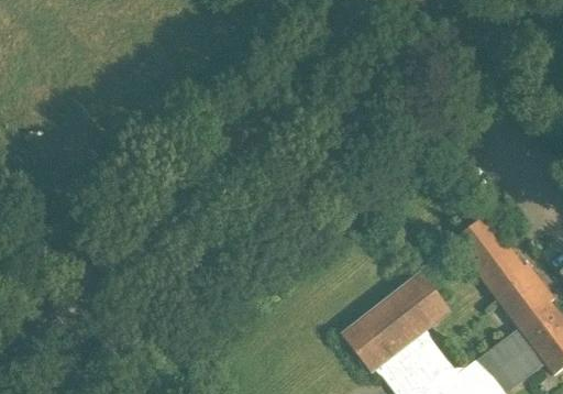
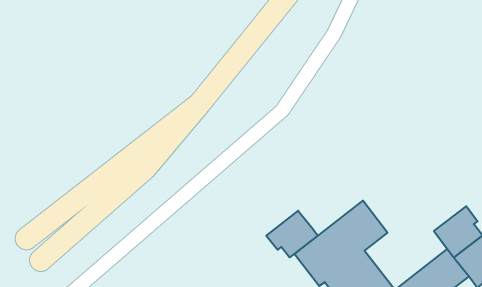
building: [453,215,541,307] -> none
building: none -> [266,211,318,257]

